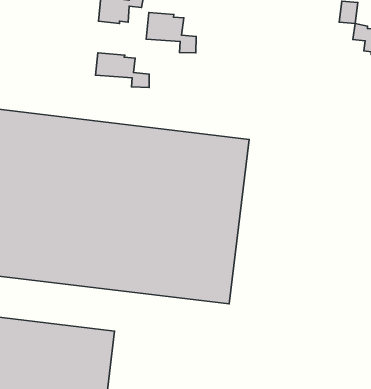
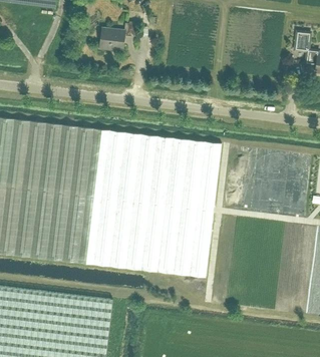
building: [146,12,196,53] -> none
building: [96,53,149,88] -> none

